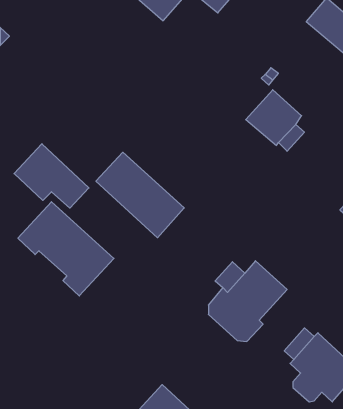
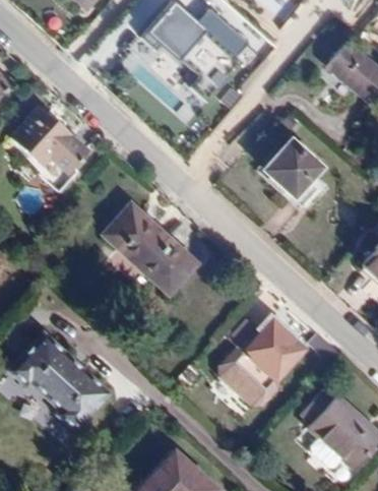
building: [14,144,89,208] -> [11,107,90,175]
building: [18,202,114,296] -> [9,333,111,433]

